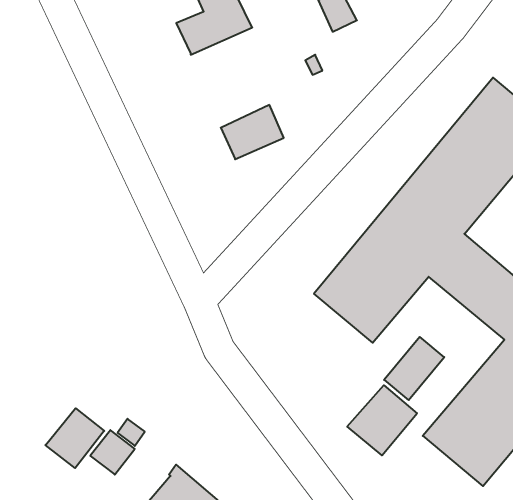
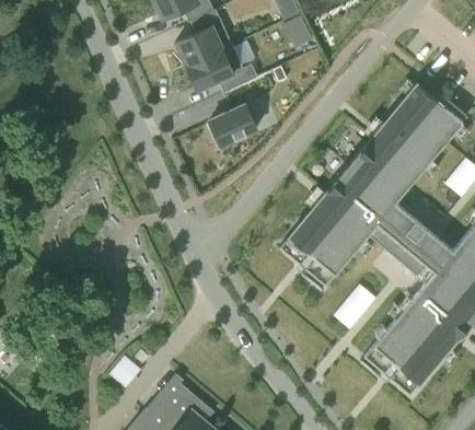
building: none -> [186,45,258,93]
building: [347,385,417,455] -> none
building: [45,408,104,468] -> none

